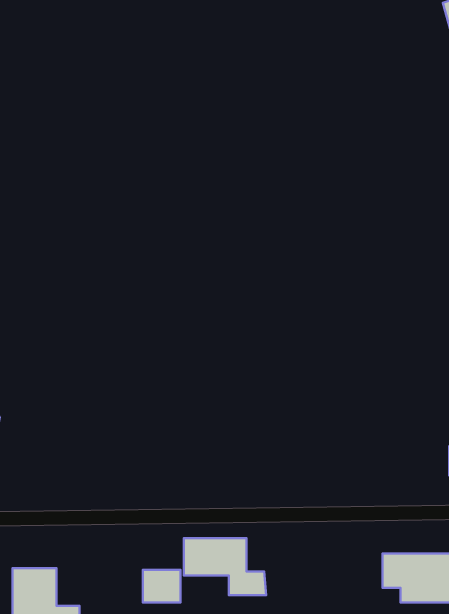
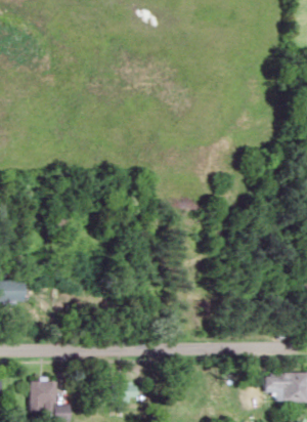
building: [184,538,266,595] -> none

